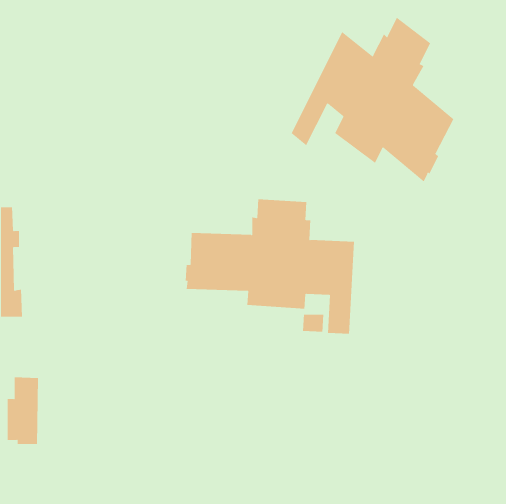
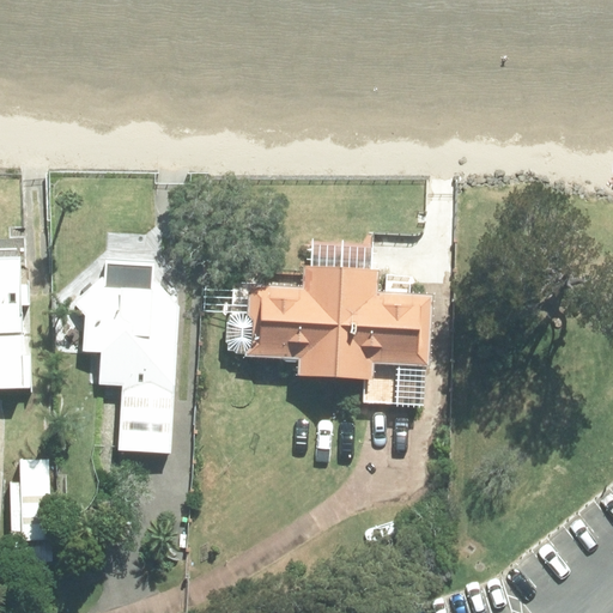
building: [291,17,454,183] -> none
building: none -> [75,262,176,454]

